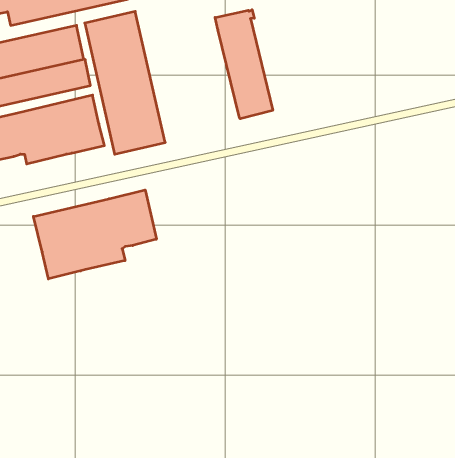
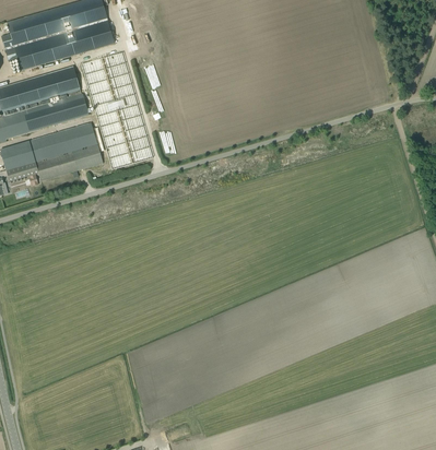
building: [215,10,273,119] -> none
building: [33,190,156,279] -> none

